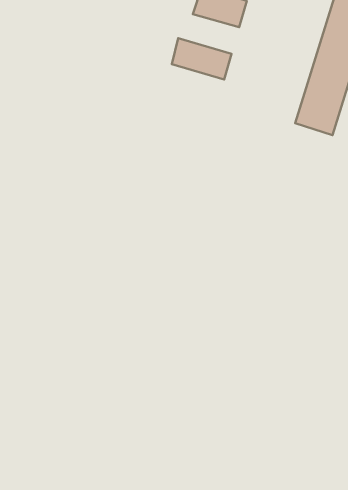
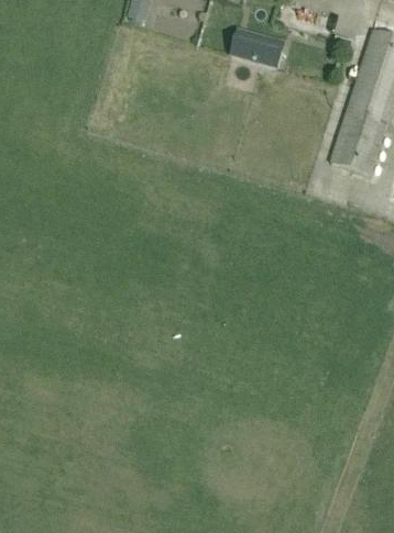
building: [172,38,232,79] -> none

